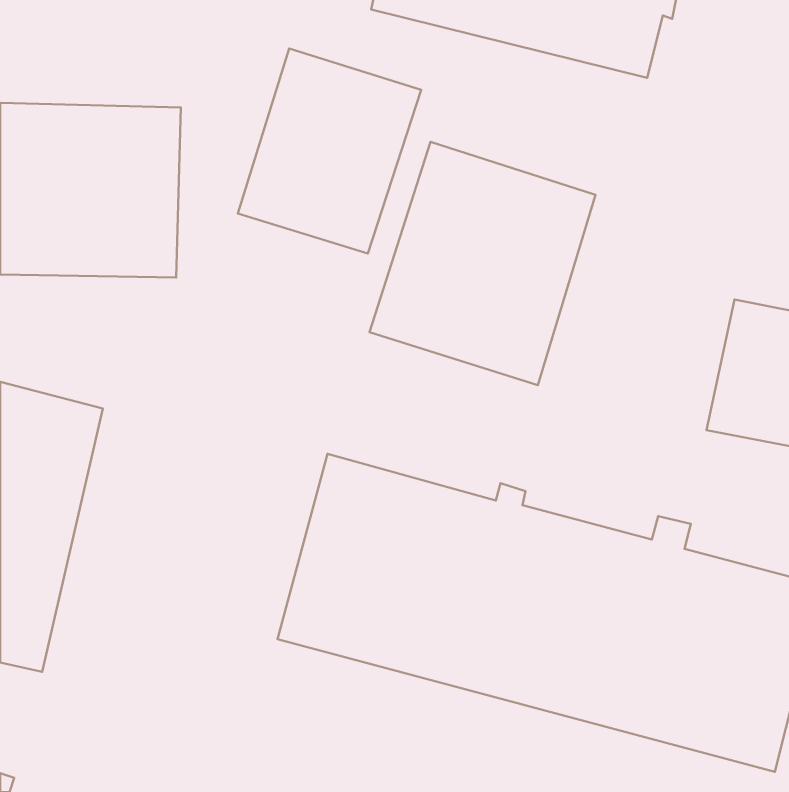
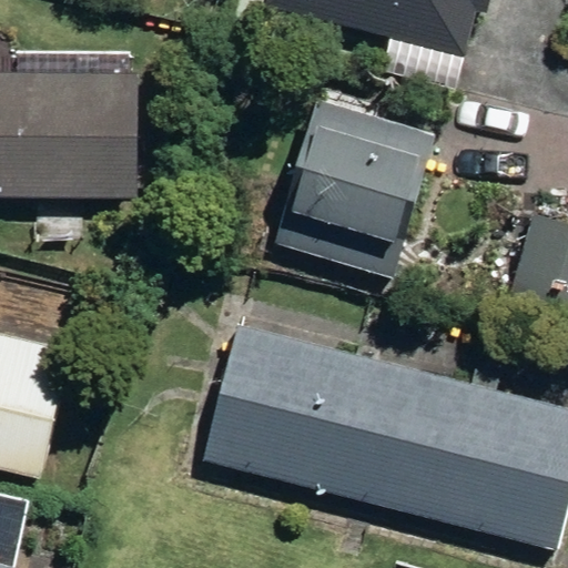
building: [238,48,421,253] -> none

